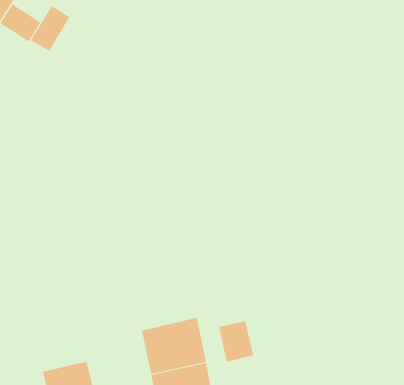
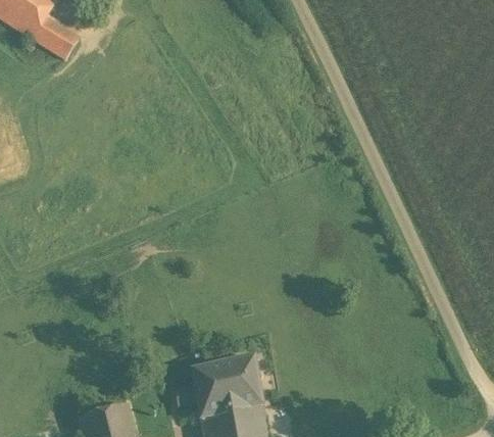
building: [30,5,70,51] -> none
building: [219,321,254,362] -> none

